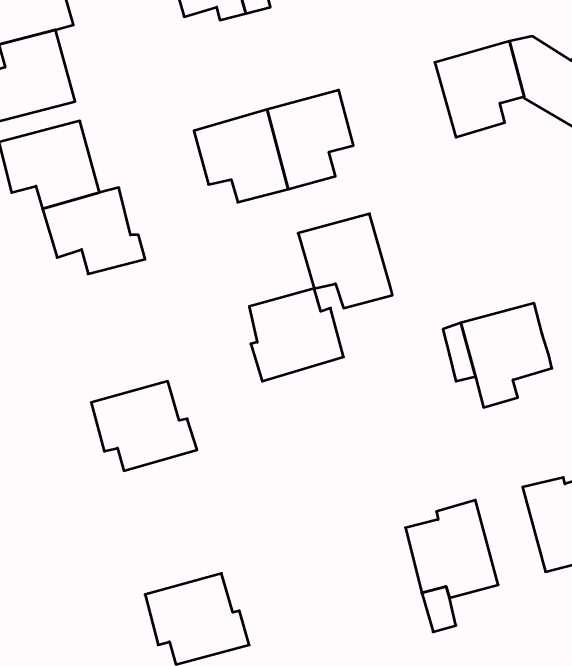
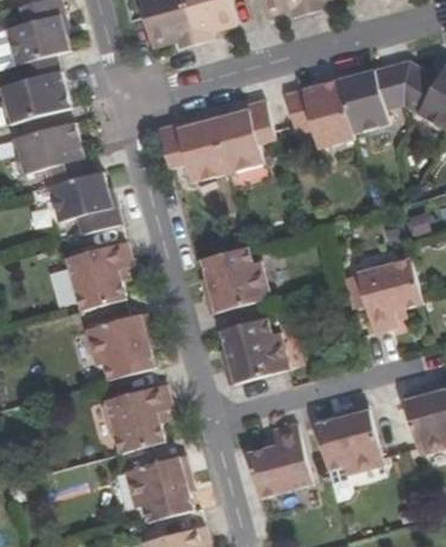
building: [298,214,392,308] -> [284,78,353,148]
building: none -> [65,240,135,311]
building: none -> [219,316,289,385]
building: none -> [103,384,173,453]
building: none -> [246,421,311,498]

